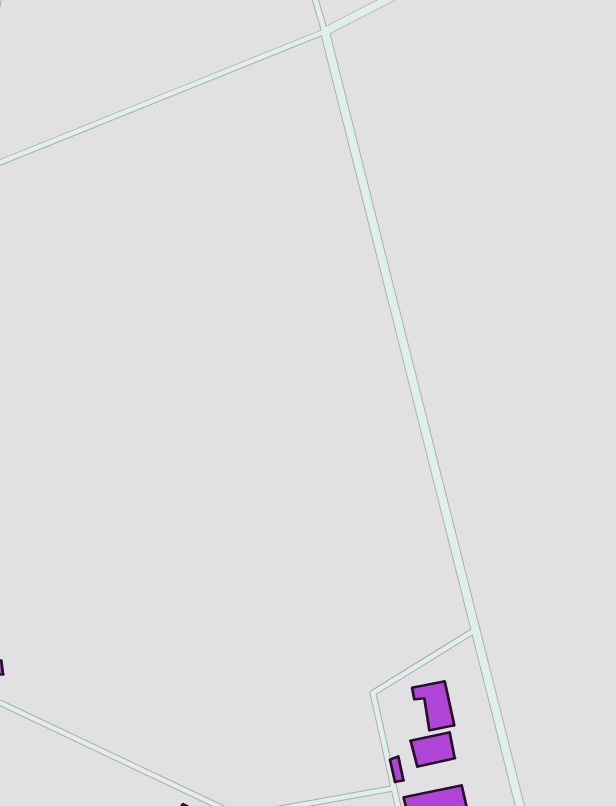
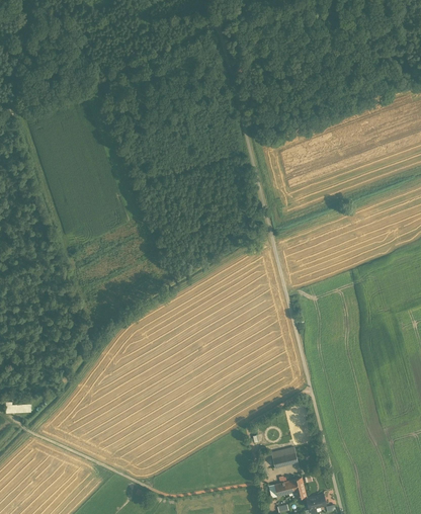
building: [412,681,454,730] -> none

